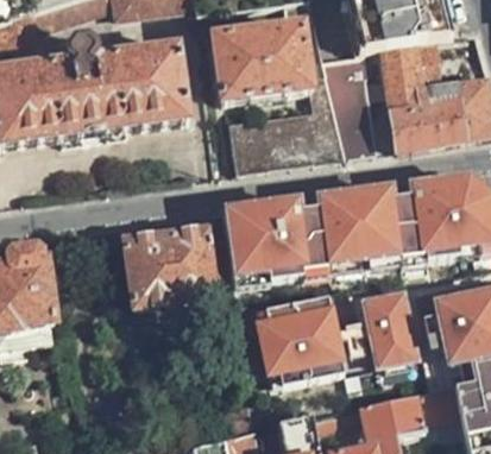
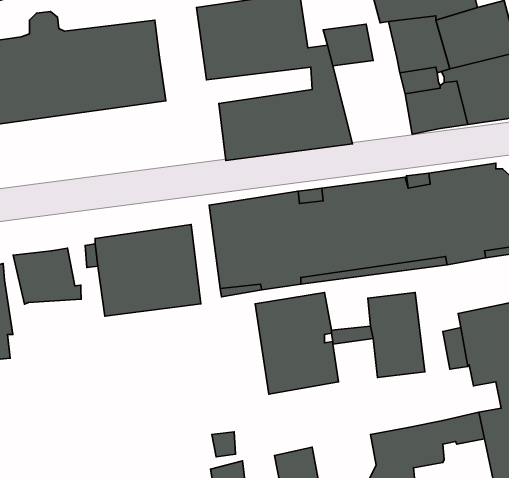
building: [328,82,377,153] -> none
building: none -> [13,248,81,304]

